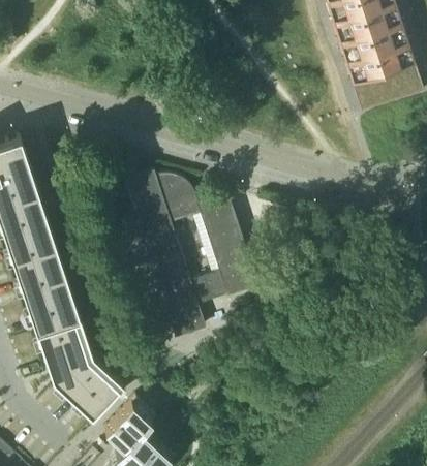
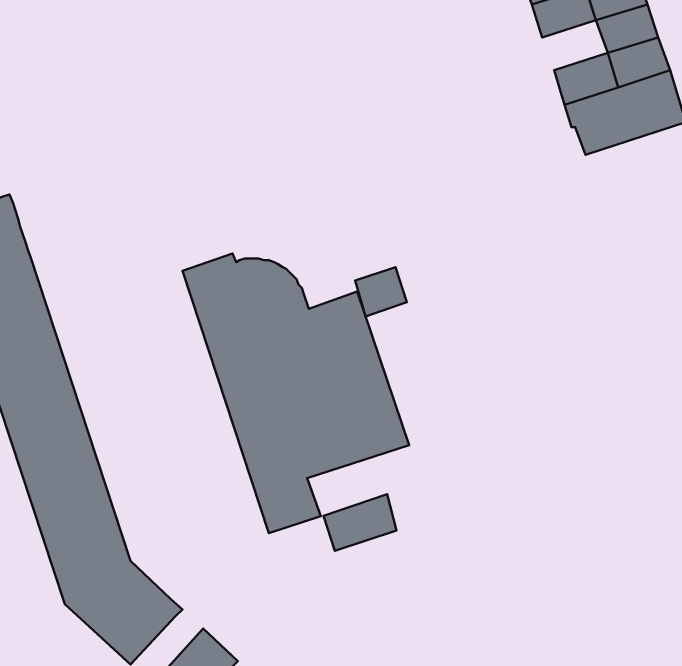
building: [338,32,377,62] -> none
building: none -> [355,267,407,316]
building: none -> [323,494,397,551]

